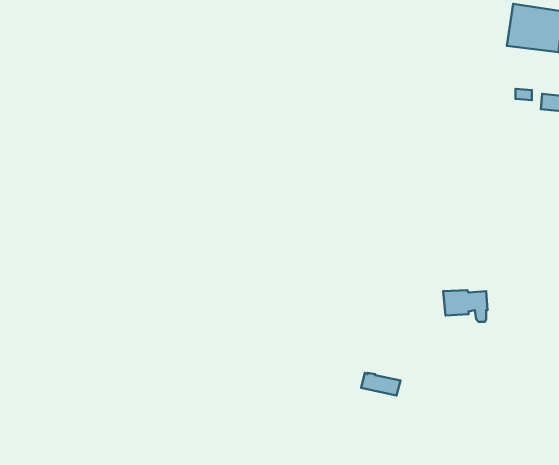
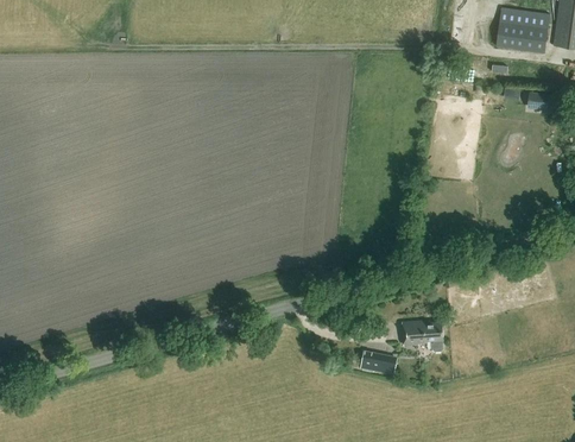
building: [443,290,487,322] -> [402,321,443,351]

